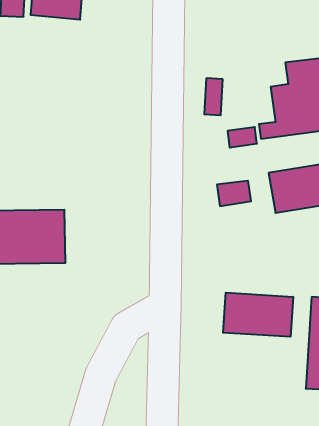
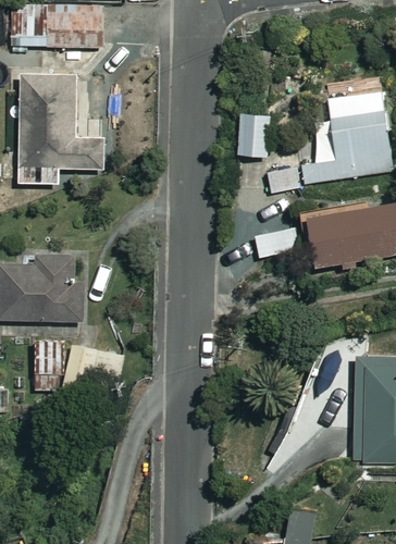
building: none -> [17,76,102,184]
building: [223,293,293,337] -> none

